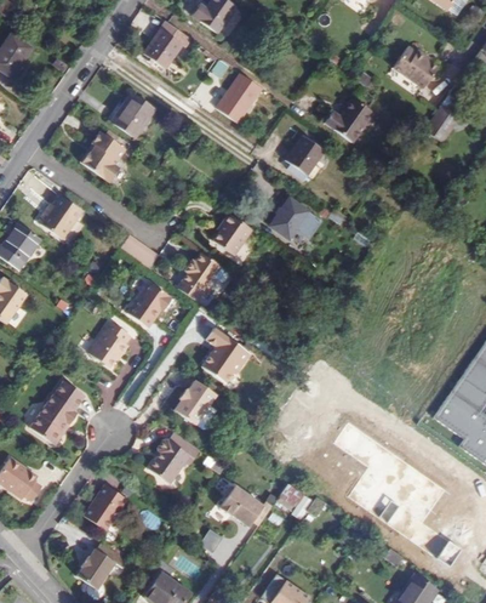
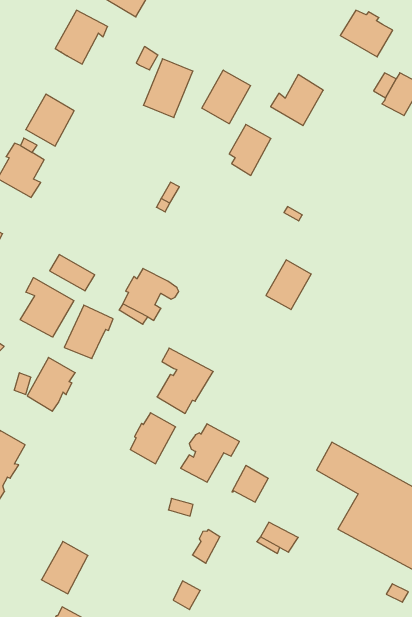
building: none -> [202,70,251,124]
building: [269,197,310,240] -> [266,260,311,310]
building: [213,212,252,255] -> none
building: none -> [20,278,74,337]
building: [148,431,201,482] -> [181,424,239,482]
building: [230,493,263,525] -> [232,465,268,502]

